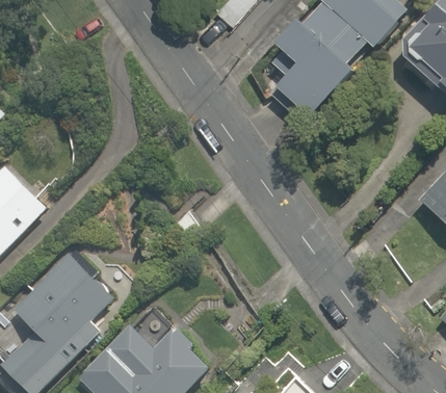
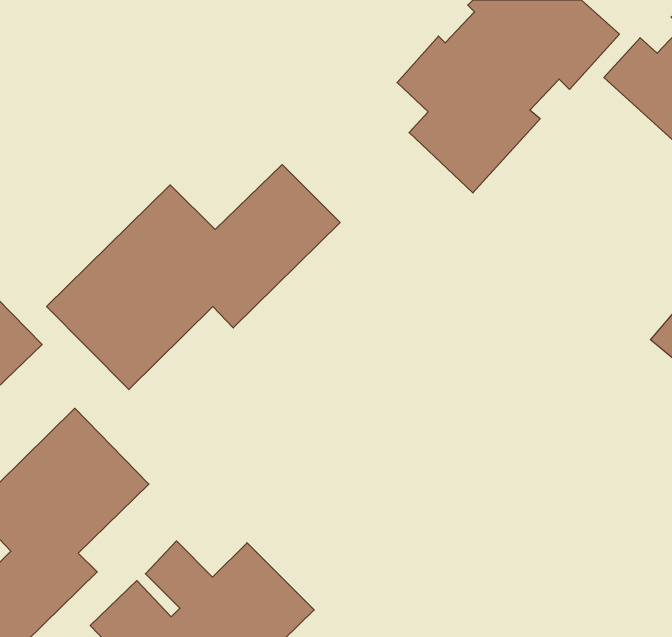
building: none -> [47,165,340,390]

